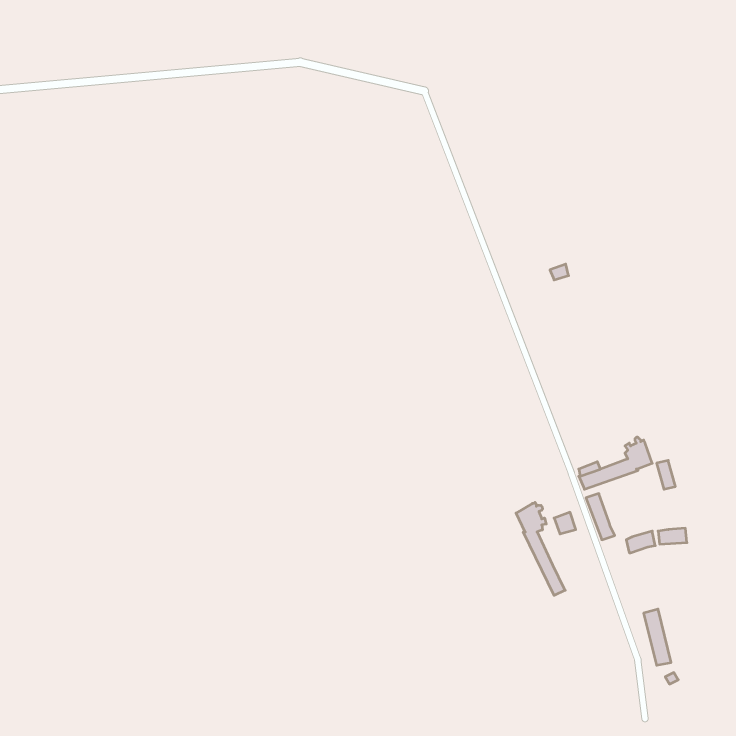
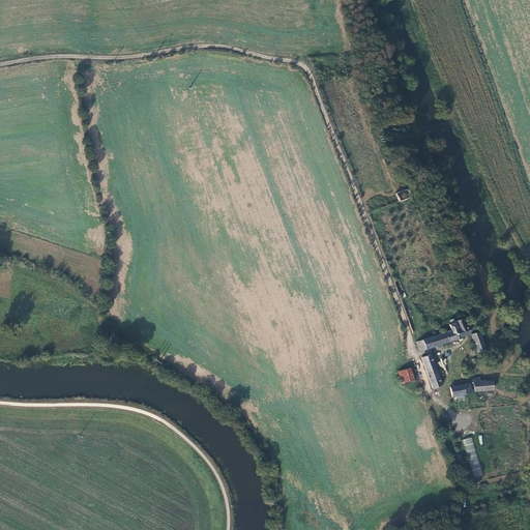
building: [516,502,565,595] -> none

